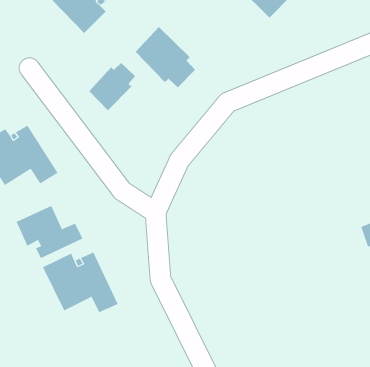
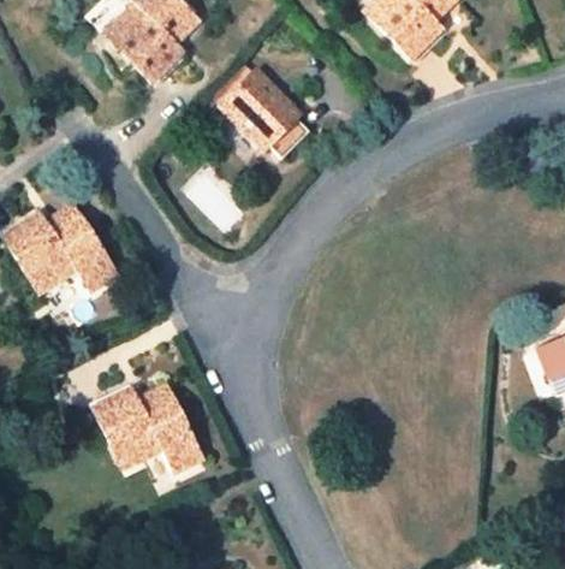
building: [88,62,136,111] -> none
building: [16,205,83,259] -> none

